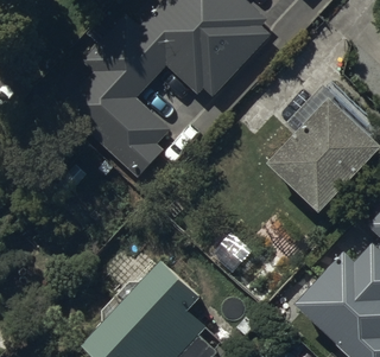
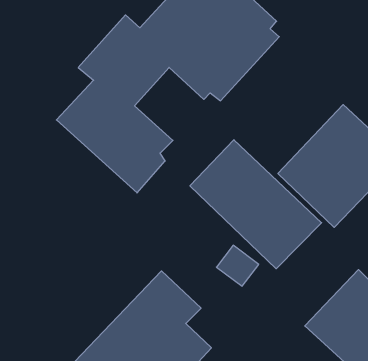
building: none -> [190,140,322,269]

